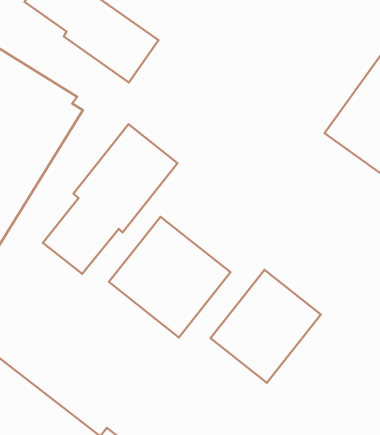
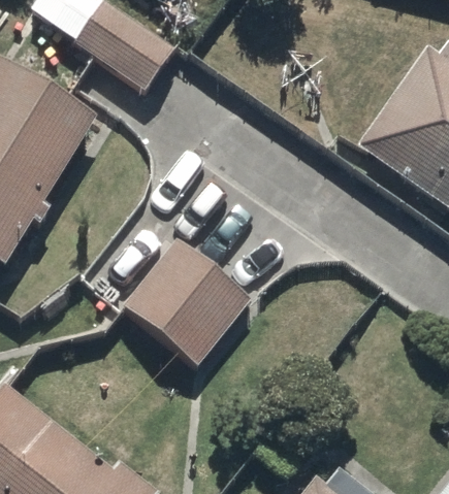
building: [43,124,178,274] -> none
building: [210,270,321,383] -> none

